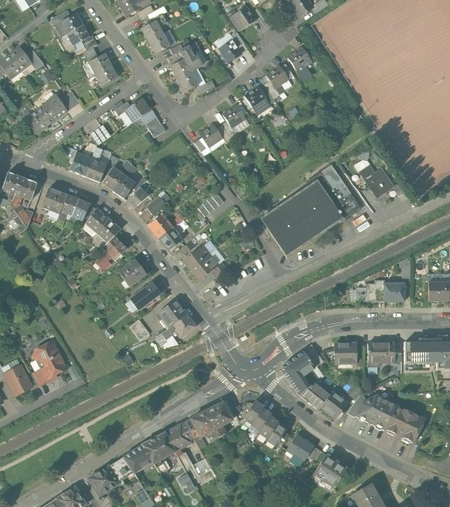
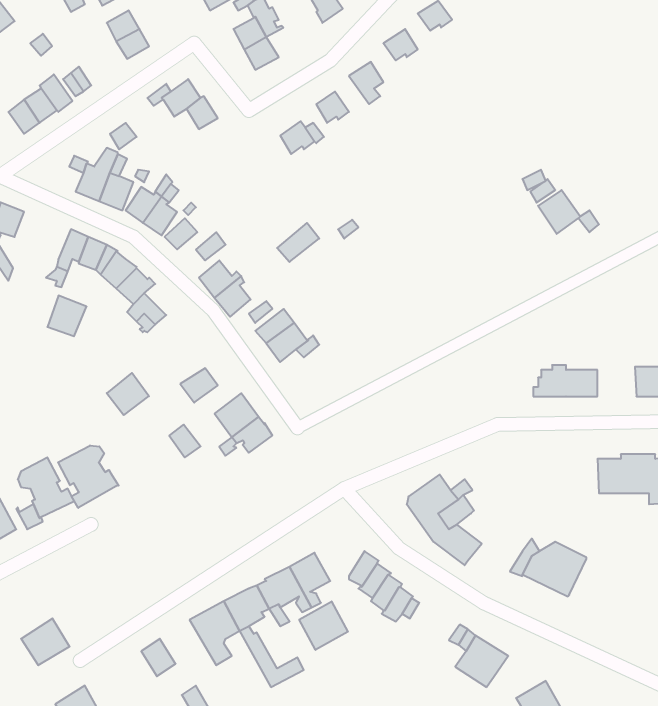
building: [260,165,356,256] -> none
building: [42,187,67,213] -> [47,296,87,336]
building: [119,259,146,286] -> [107,373,149,415]
building: none -> [58,445,119,508]
building: [335,343,355,365] -> none
building: [368,343,395,365] -> none
building: [321,391,348,418] -> none
building: [386,405,425,442] -> none
building: none -> [299,601,348,650]
building: [287,434,314,460] -> none
building: [124,444,153,472] -> none
building: [89,465,120,495] -> [21,618,70,665]

